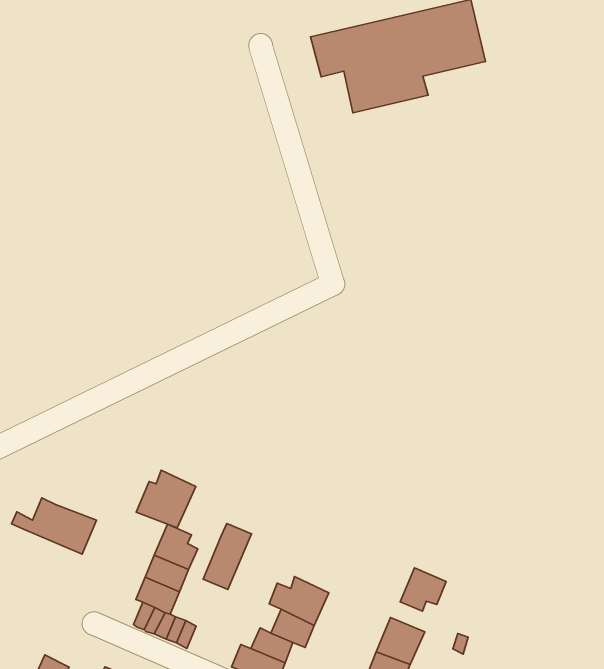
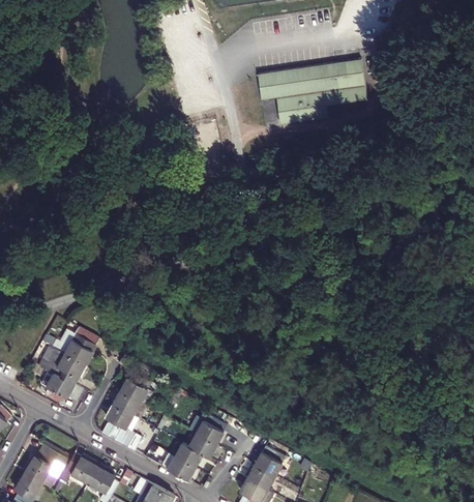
building: [136,470,196,528] -> [61,327,100,364]
building: [203,523,252,590] -> none
building: none -> [41,371,75,403]
building: [400,568,446,611] -> none

